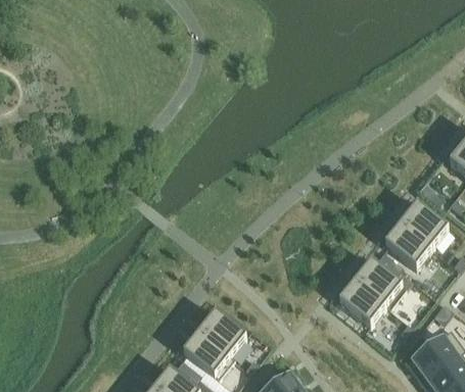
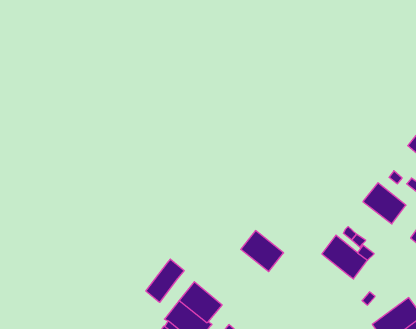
building: [386,223,433,267] -> none
building: [340,280,387,325] -> [241,231,284,272]
building: none -> [146,259,184,302]

